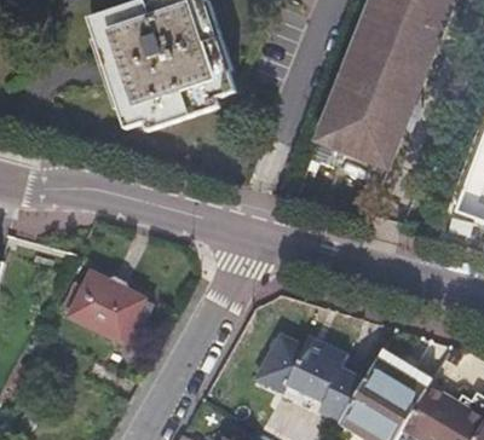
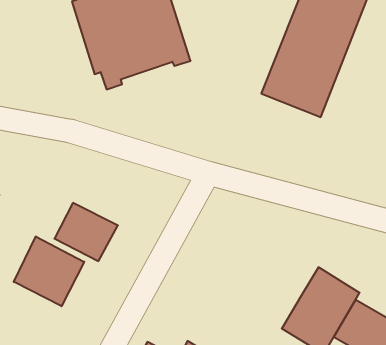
building: none -> [14,236,84,306]
building: [257,335,362,419] -> none

